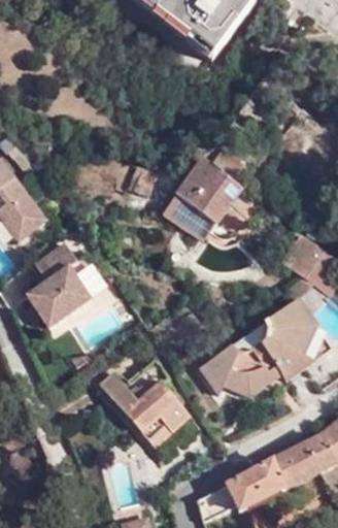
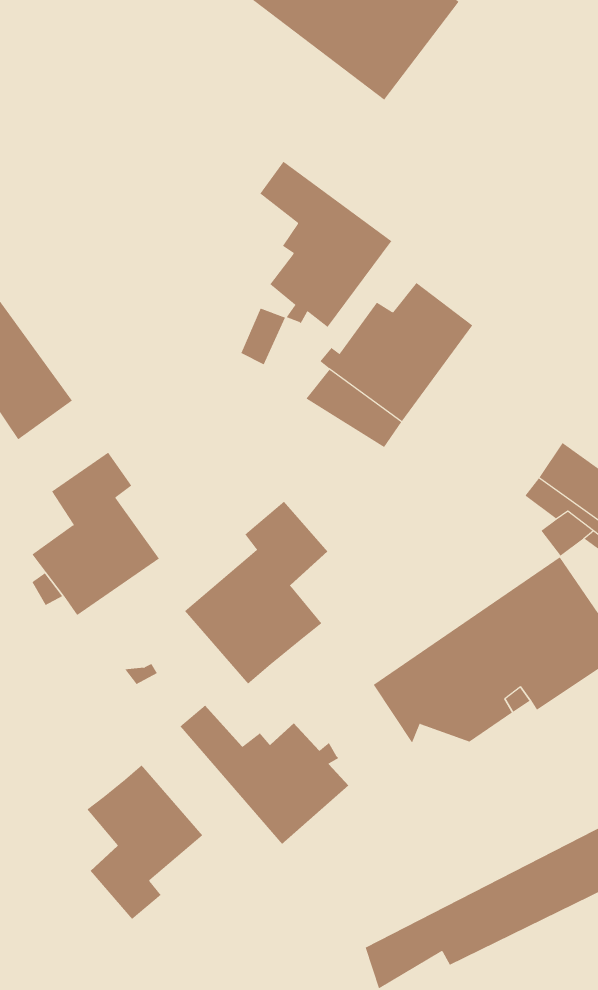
building: none -> [260,161,392,328]
building: none -> [184,501,328,685]
building: none -> [87,765,203,920]

